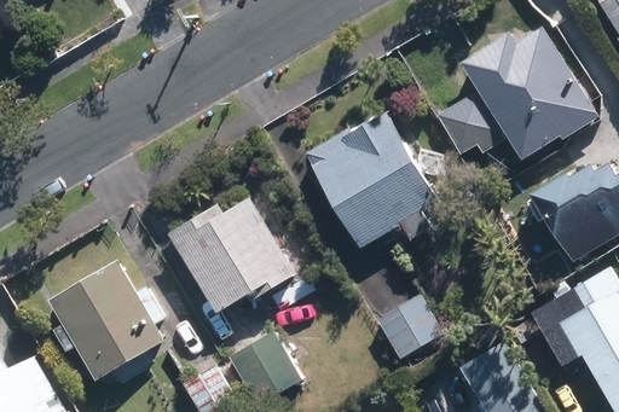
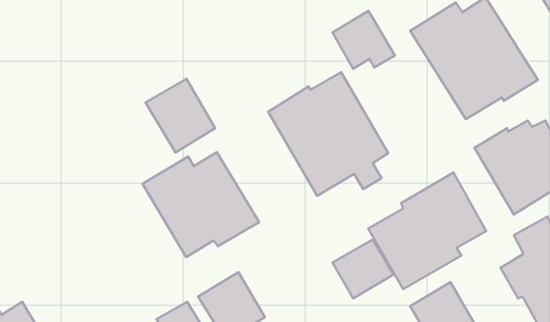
building: [439,93,508,157] -> [333,11,395,69]
building: none -> [145,79,215,153]
building: none -> [368,172,486,289]
building: [46,257,162,378] -> none

